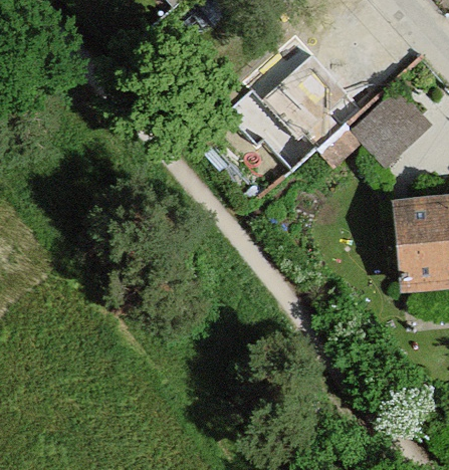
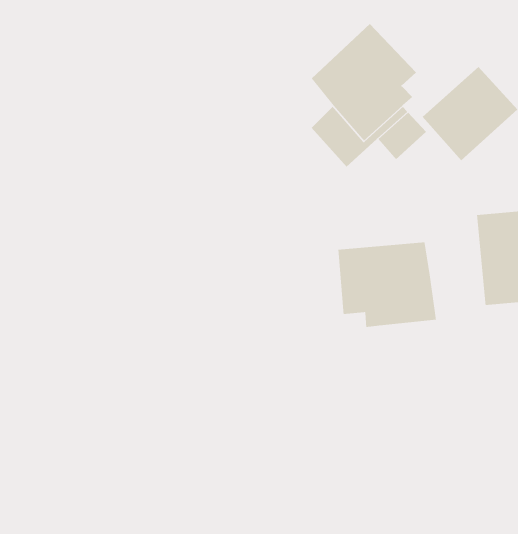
building: none -> [338,241,437,328]

